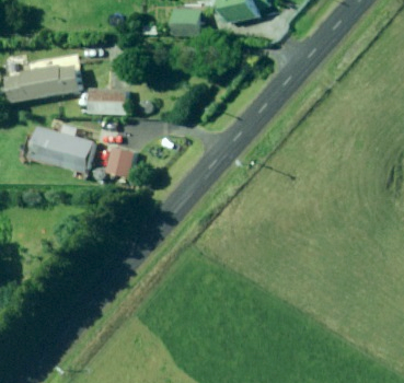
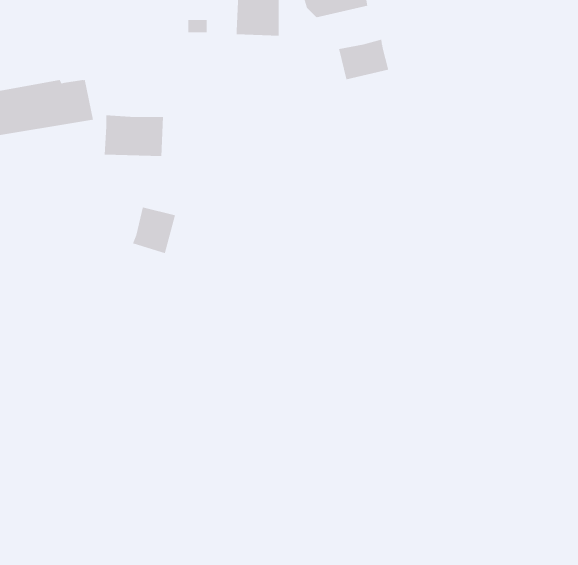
building: none -> [338,39,389,80]
building: [27,125,92,173] -> none

